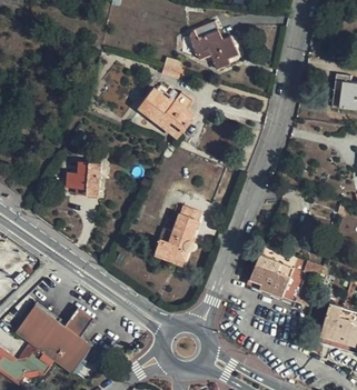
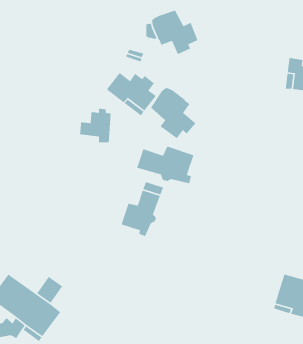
building: none -> [150,87,196,139]
building: [67,158,101,196] -> [79,108,112,143]
building: none -> [136,146,194,184]
building: [248,254,307,302] -> none

